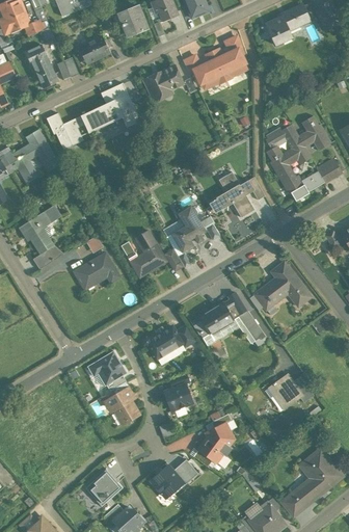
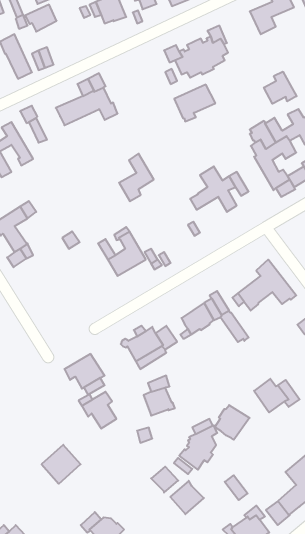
building: [79,36,109,62] -> [25,5,57,32]
building: [143,65,183,101] -> [174,85,215,121]
building: none -> [264,72,297,104]
building: [61,115,84,145] -> none
building: [171,206,205,251] -> [119,154,154,201]
building: [74,251,120,289] -> none
building: none -> [215,405,250,440]
building: [151,466,183,498] -> [170,481,204,514]
building: [85,469,123,506] -> [42,445,81,484]

